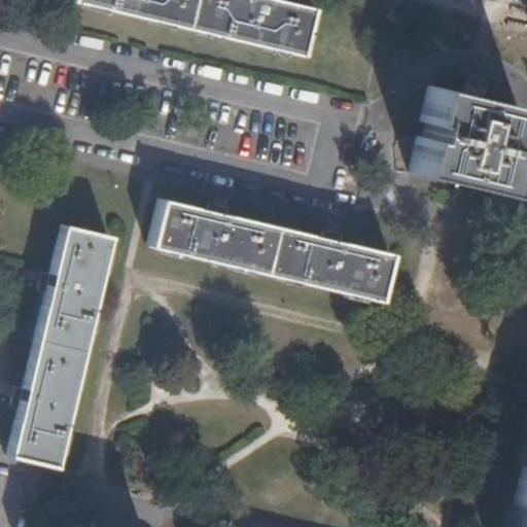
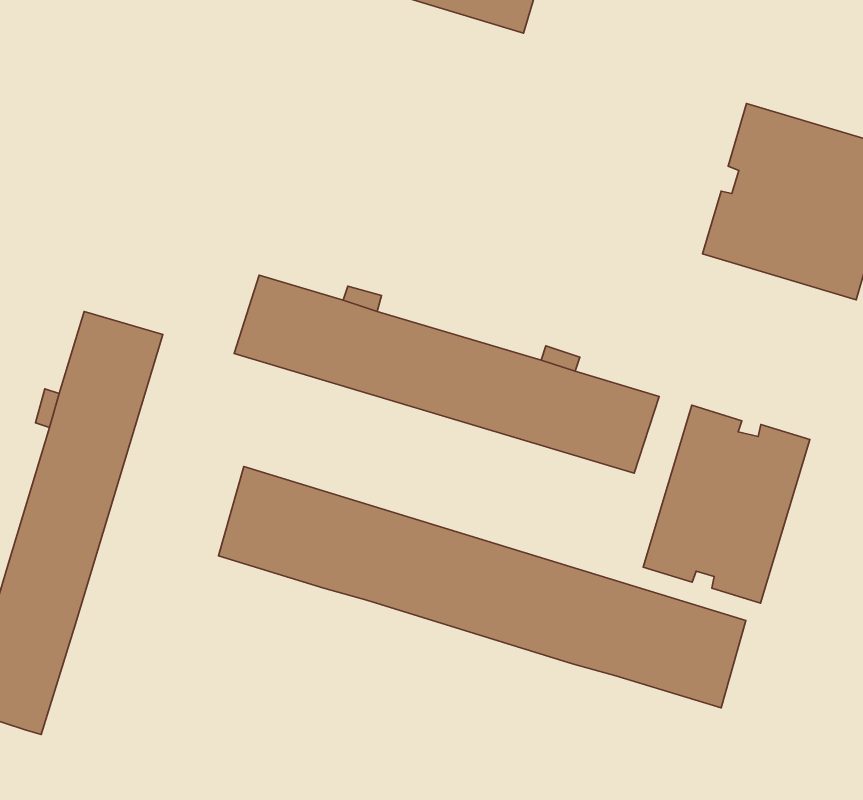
building: none -> [643,405,810,603]
building: none -> [218,467,746,708]

